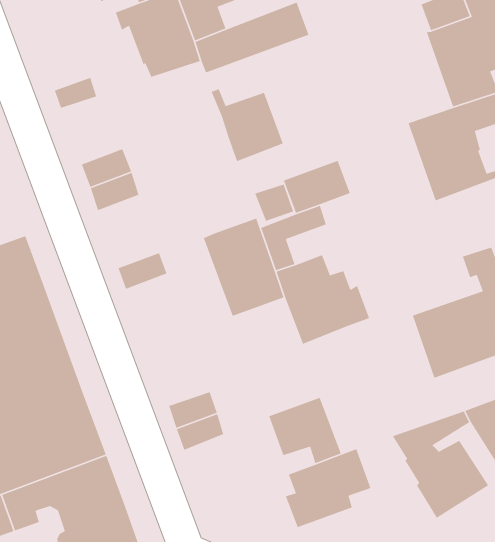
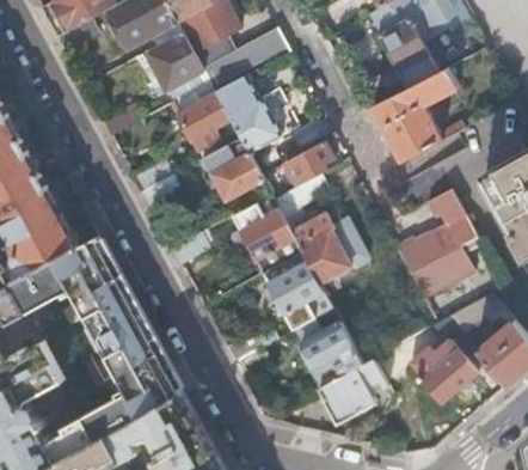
building: none -> [171,84,231,152]
building: none -> [201,138,269,212]
building: none -> [262,252,330,331]

